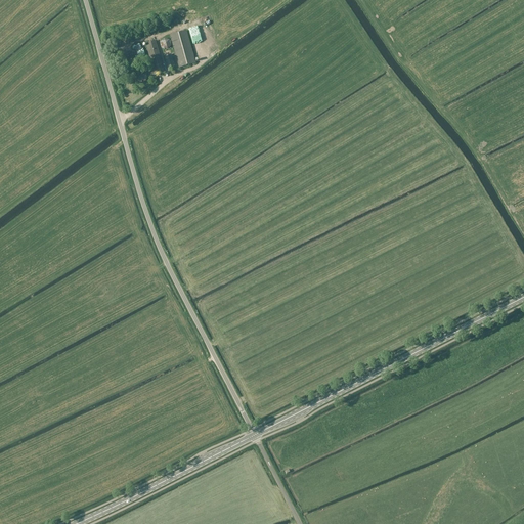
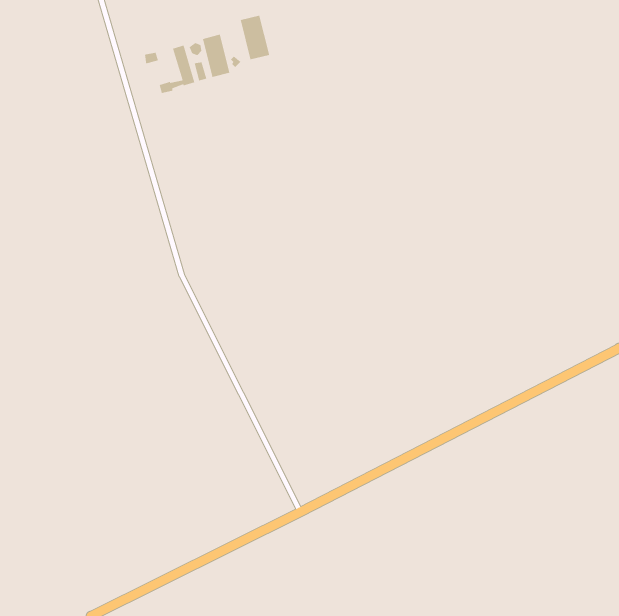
building: none -> [240,15,270,60]

